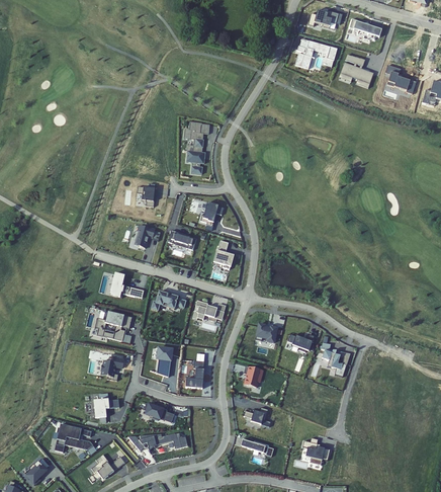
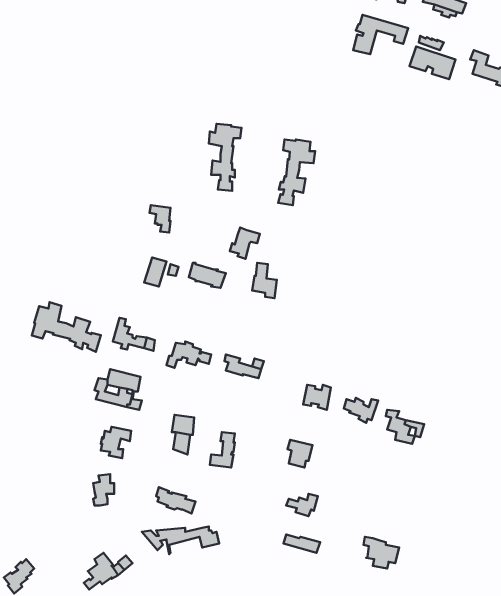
building: none -> [278,140,315,205]
building: none -> [32,302,101,352]
building: [55,423,93,450] -> none

